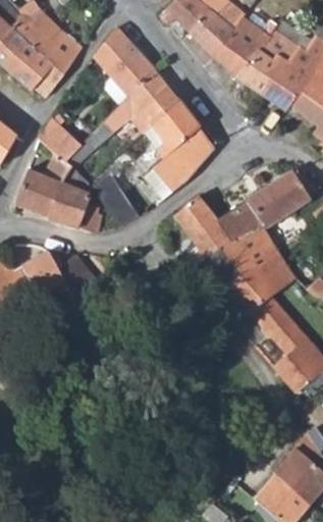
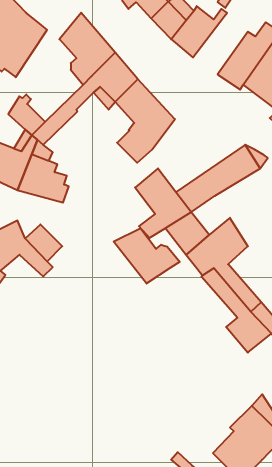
building: [235,31,294,93] -> none
building: [91,169,141,222] -> none
building: [233,223,275,265] -> none
building: none -> [114,228,180,284]

